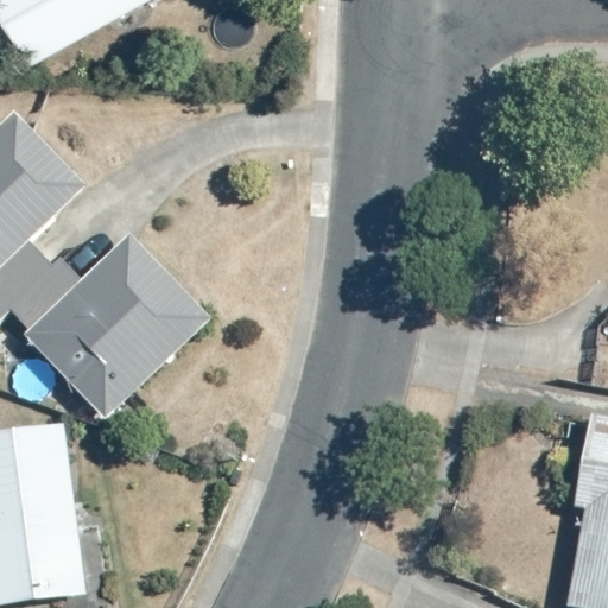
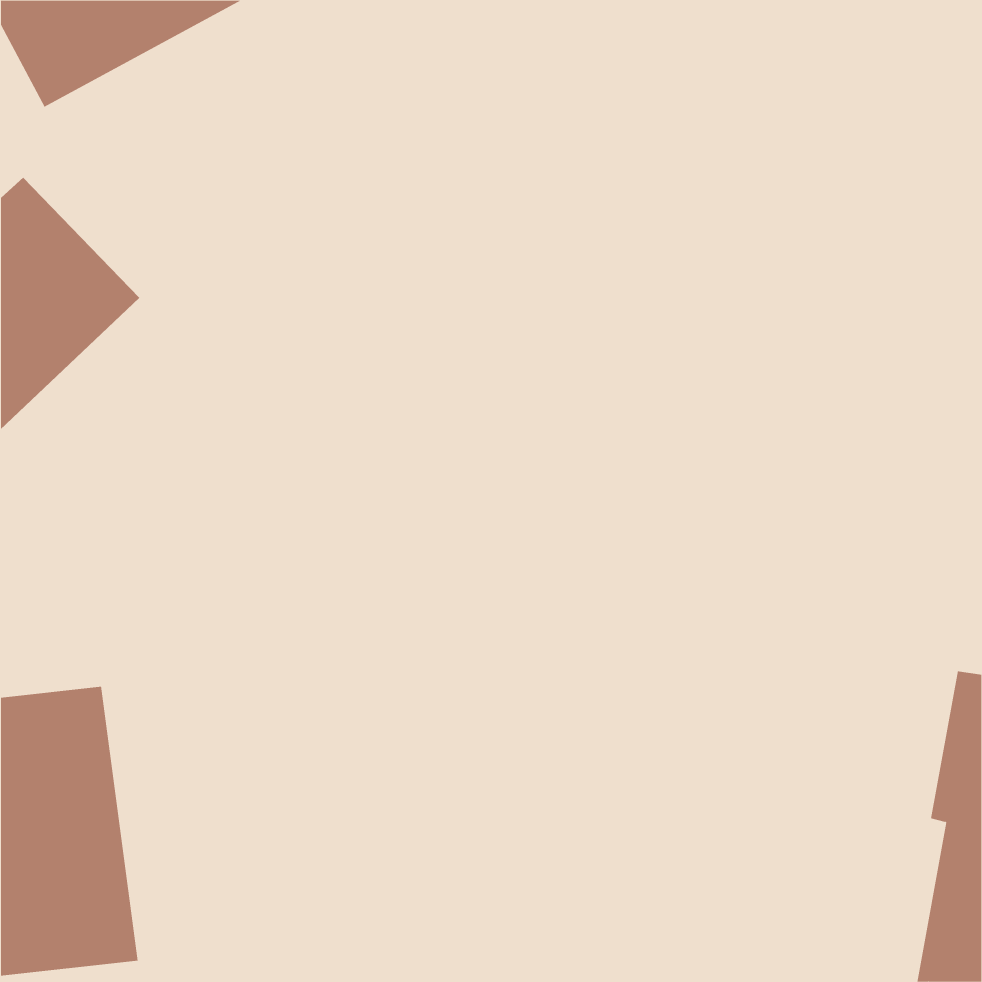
building: [23,232,210,418] -> none

